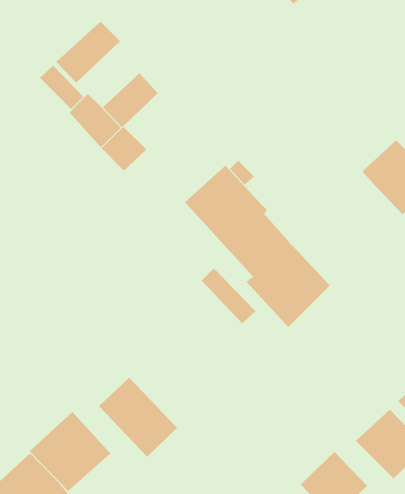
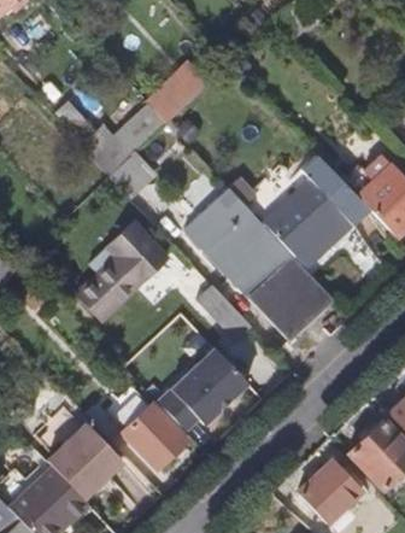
building: [55,21,121,84] -> [146,65,207,124]
building: none -> [263,157,369,273]
building: none -> [74,227,164,323]
building: none -> [155,348,248,433]

